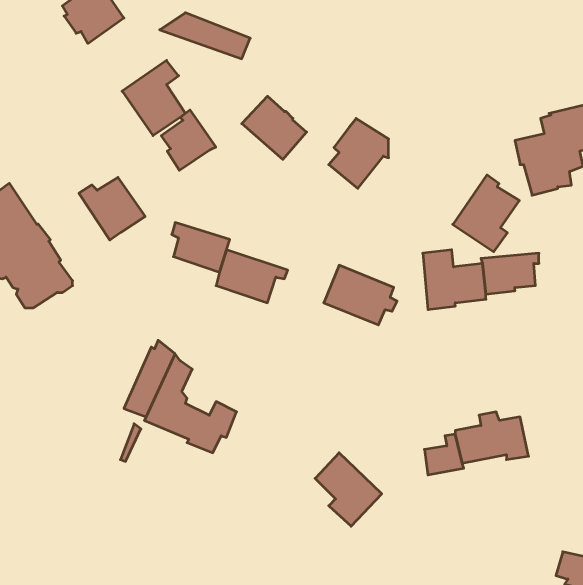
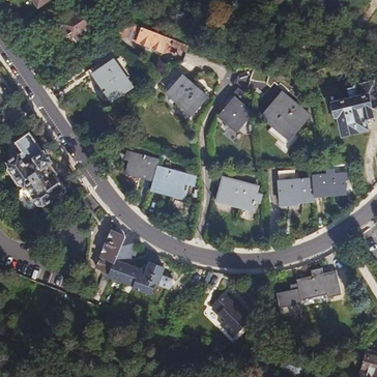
building: [161,110,216,170] -> none
building: [453,175,519,252] -> [261,92,301,139]
building: [79,177,145,240] -> none

